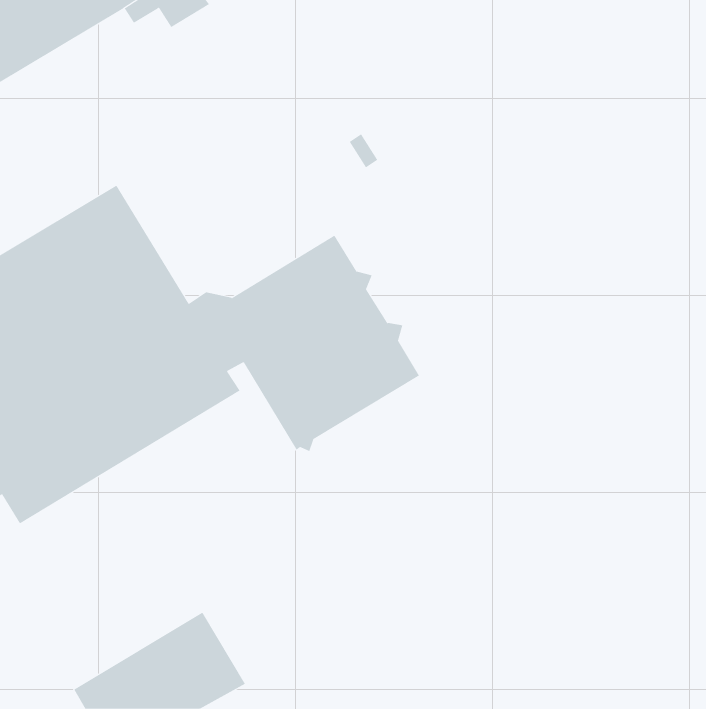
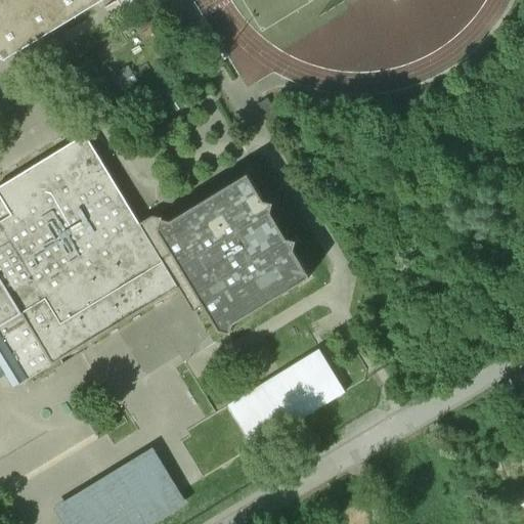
building: none -> [224,349,342,447]

